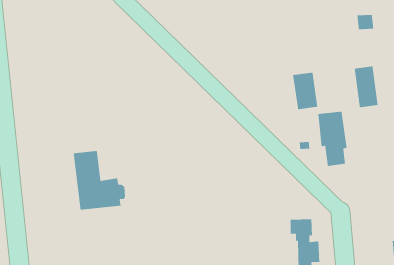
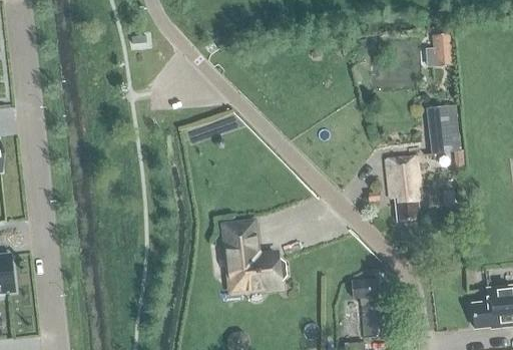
building: [292,72,318,110] -> none
building: [73,150,126,210] -> [222,223,283,291]

